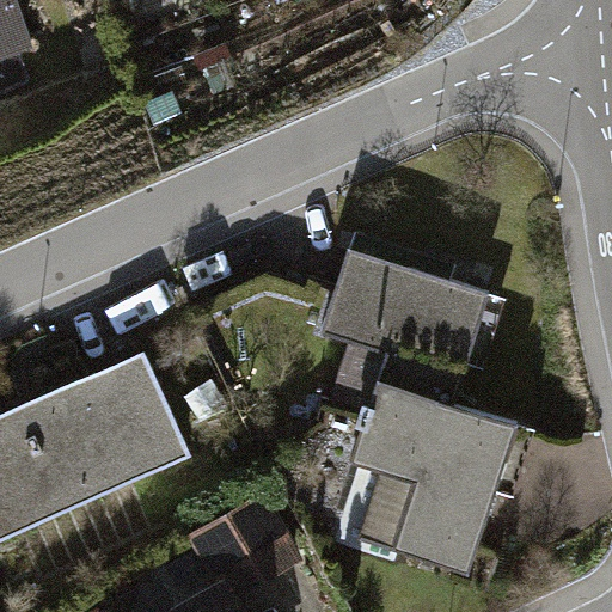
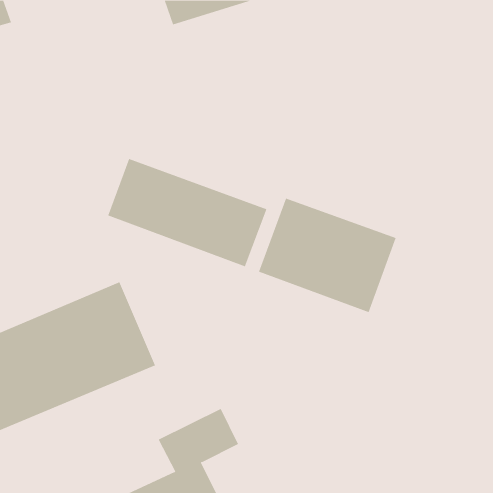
building: none -> [108,158,267,267]
building: [345,379,519,580] -> none

